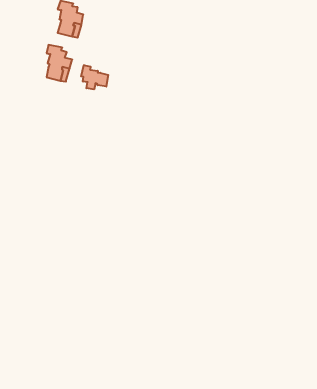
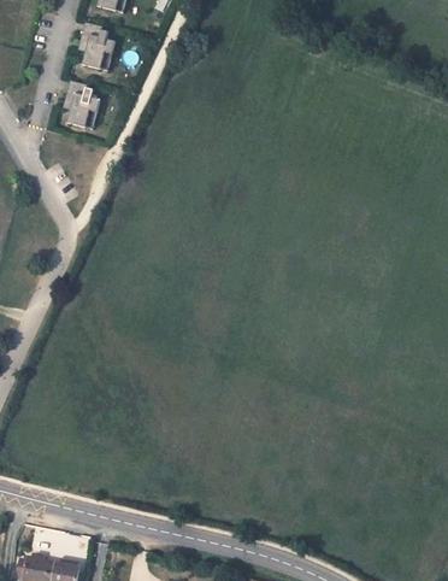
building: [81,65,108,89] -> none

